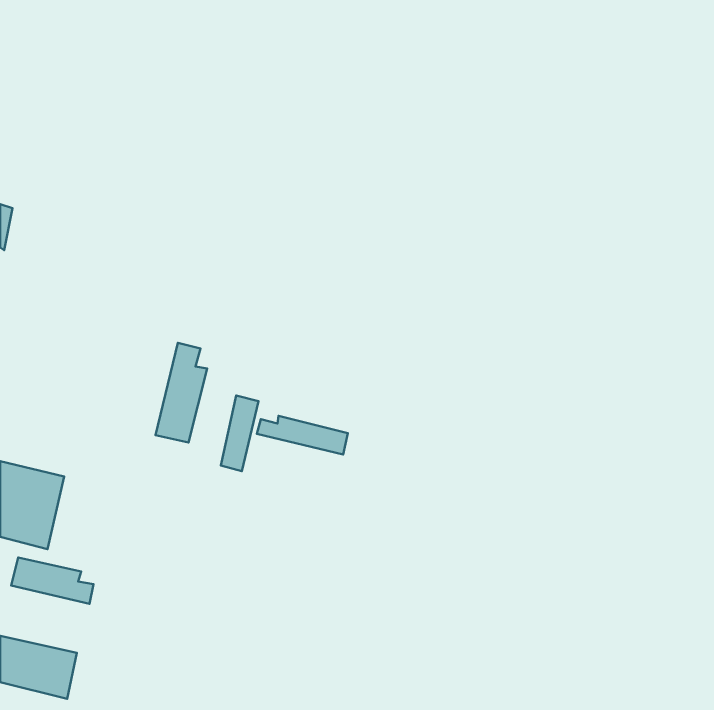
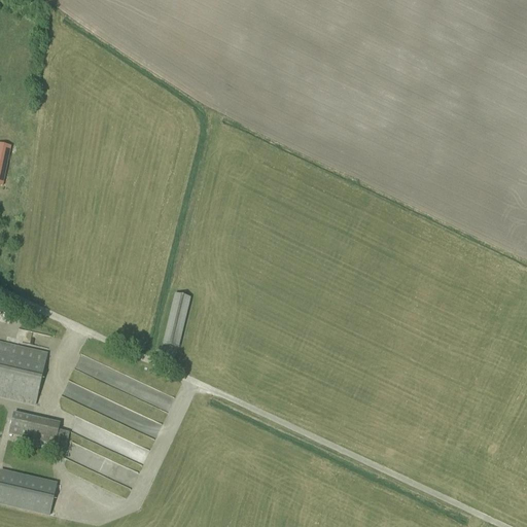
building: [156,343,207,443] -> none
building: [257,416,348,455] -> none

